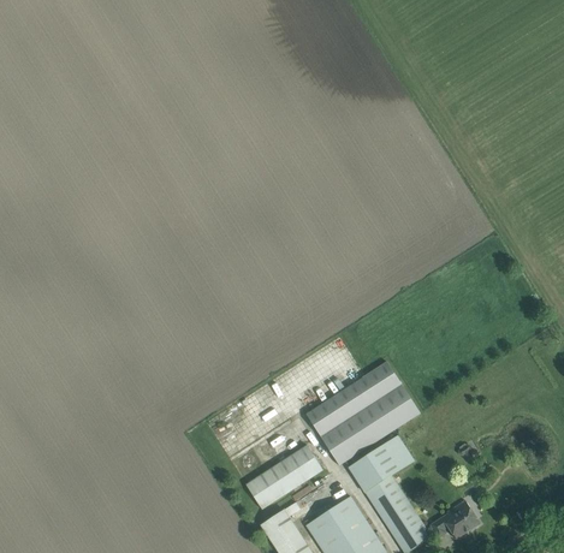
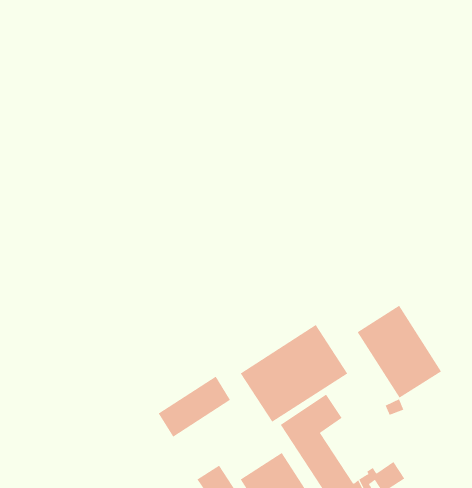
building: none -> [357,305,442,399]
building: [245,445,322,510] -> [158,376,231,438]

